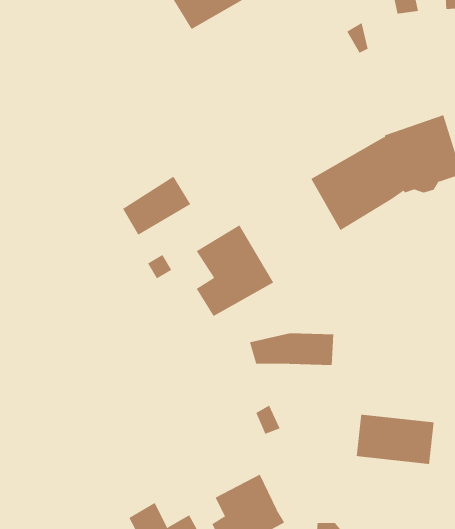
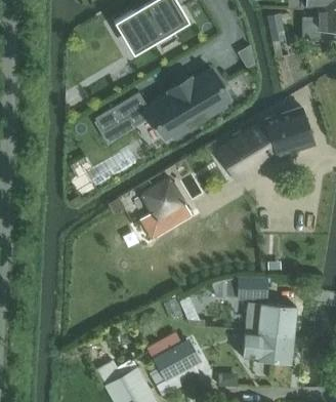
building: none -> [95,70,228,136]
building: [249,333,334,366] -> [213,277,268,298]
building: none -> [244,330,294,363]

